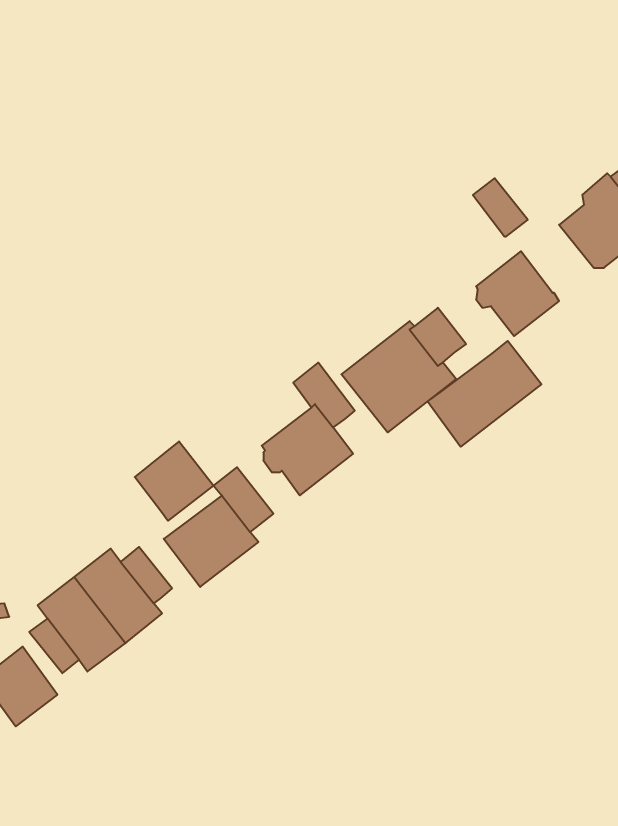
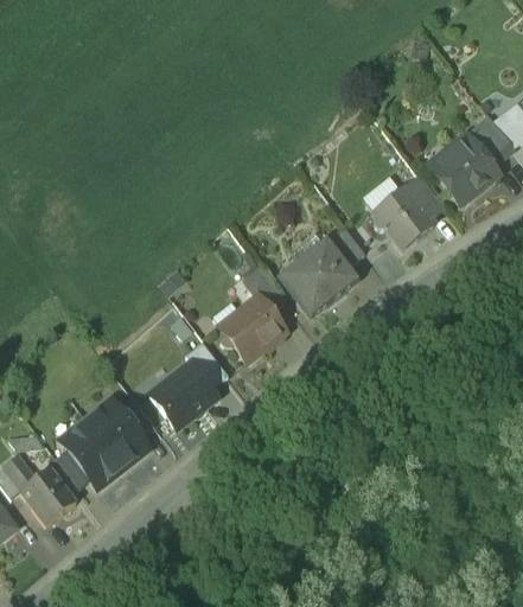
building: [473,178,528,236] -> [404,175,444,217]
building: [428,341,541,447] -> none
building: [135,441,214,521] -> none

